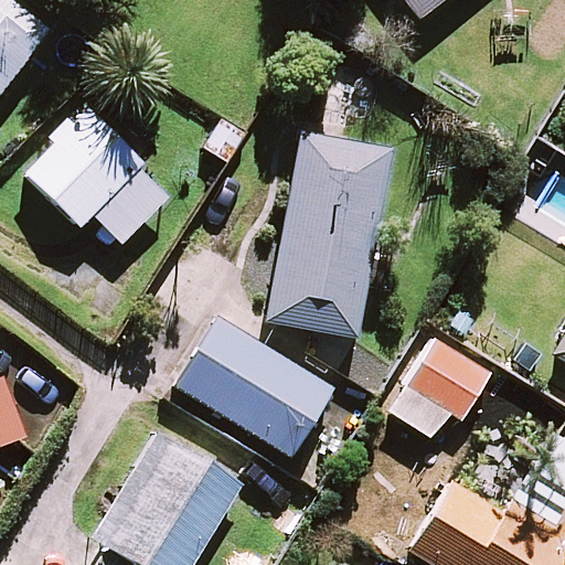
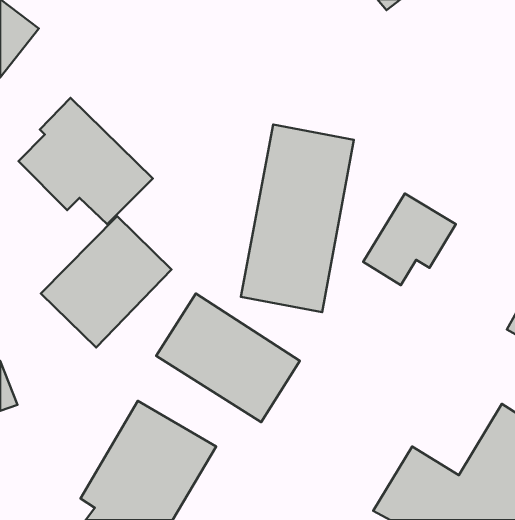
building: none -> [41,216,171,348]
building: [391,339,491,438] -> [363,193,456,285]

